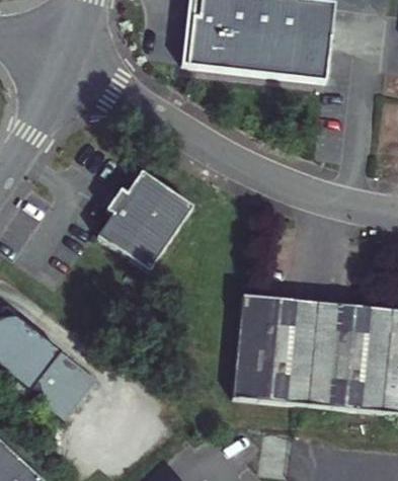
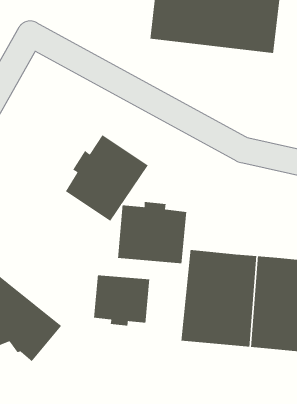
building: none -> [117,201,187,264]
building: none -> [93,274,150,327]

